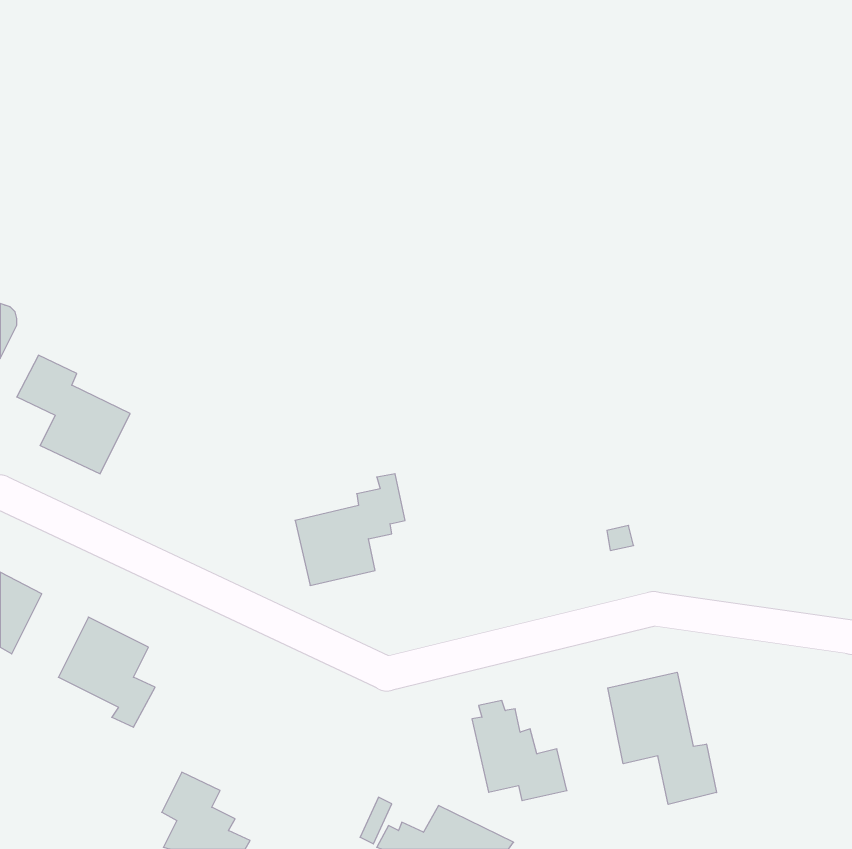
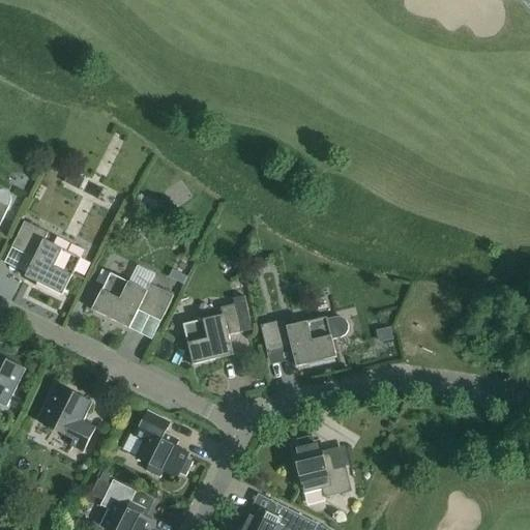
building: none -> [92,265,173,327]
building: none -> [260,316,349,366]
building: none -> [135,410,193,477]
building: [608,672,717,804] -> none

